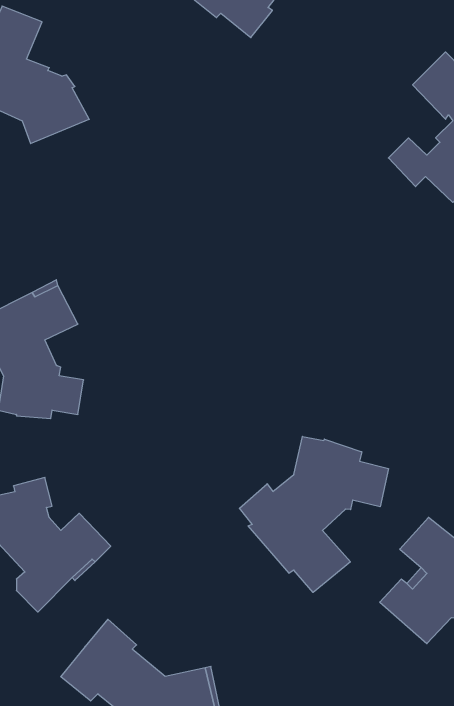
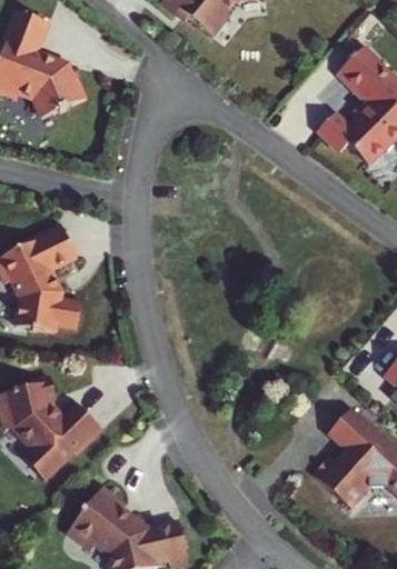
building: [239,436,388,592] -> none

